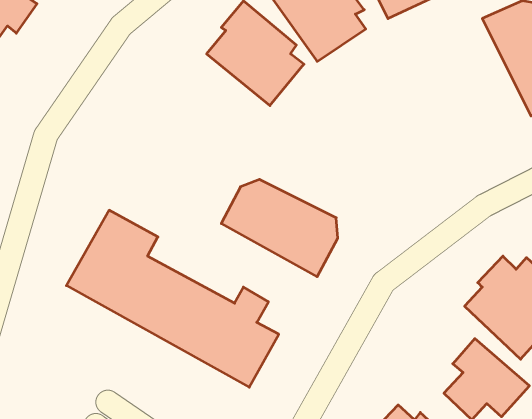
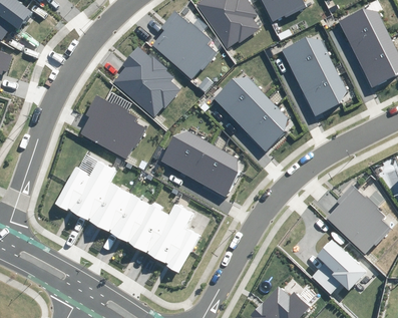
building: none -> [281,37,347,117]
building: none -> [111,45,179,118]
building: none -> [213,76,287,152]
building: none -> [80,95,147,156]

